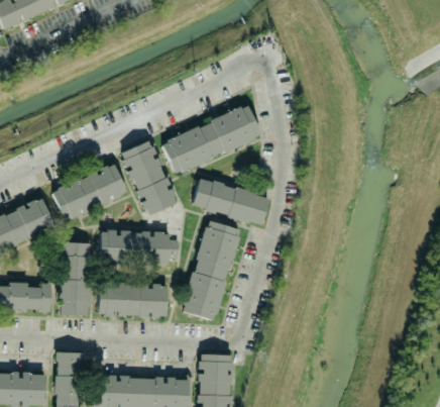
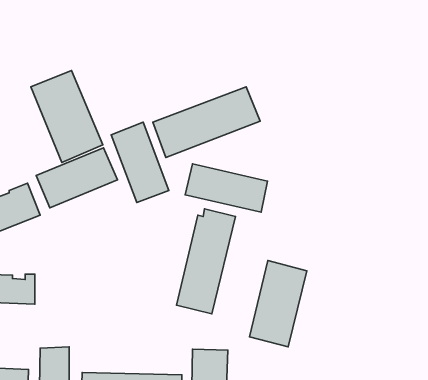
building: none -> [31,71,103,162]
building: [101,231,179,266] -> none
building: [60,242,90,315] -> none
building: none -> [249,261,307,347]
building: [99,283,168,317] -> none

